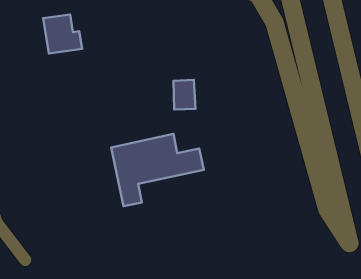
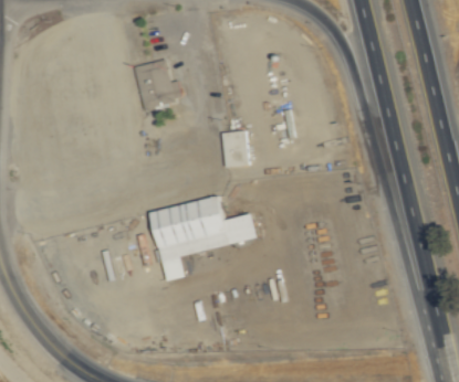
building: [43,14,82,53] -> [134,61,180,107]

